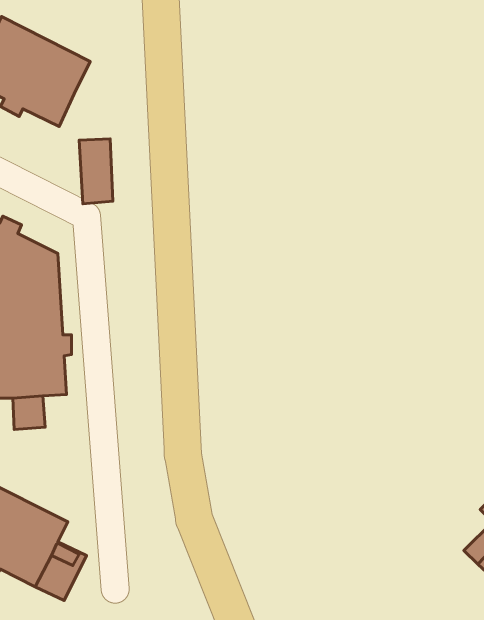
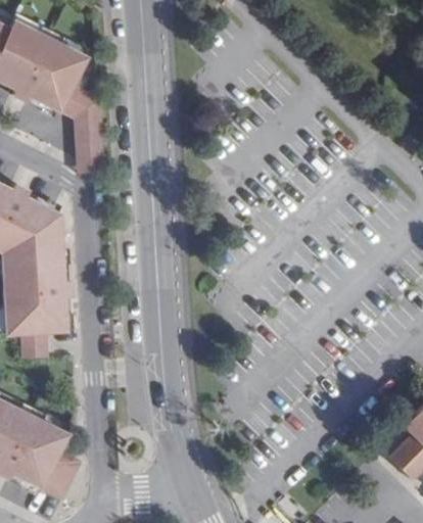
building: none -> [58,83,100,121]

